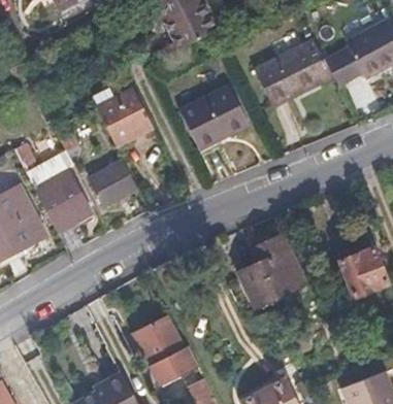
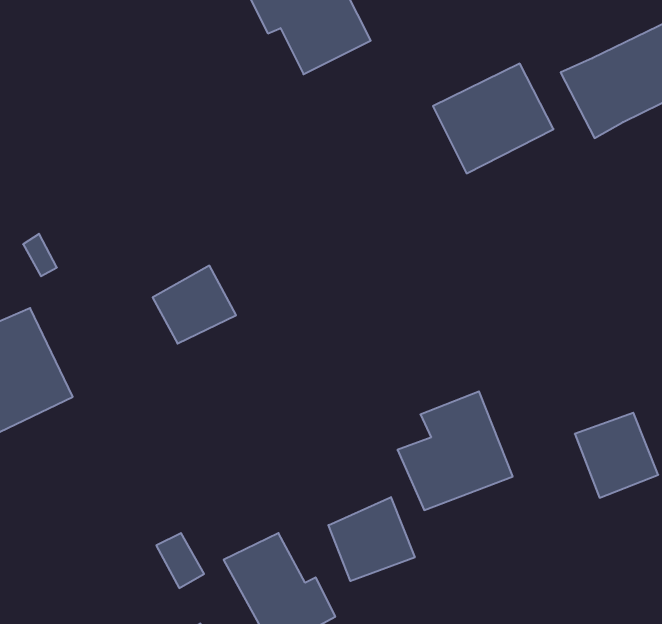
building: [182,87,249,150] -> none
building: [98,88,154,144] -> none
building: [29,152,94,254] -> none
building: none -> [328,497,415,581]

